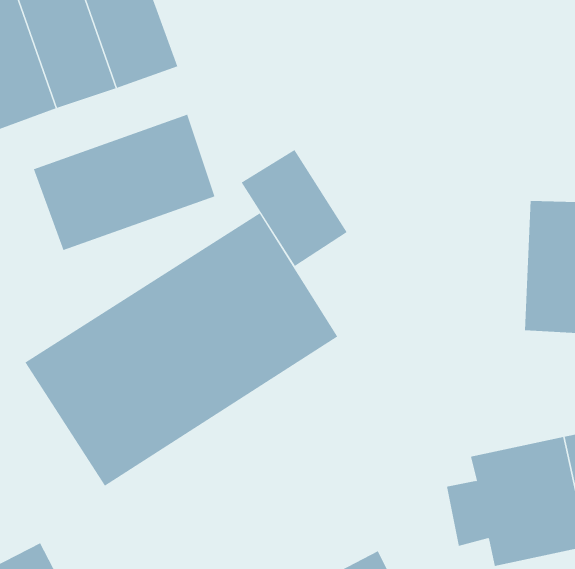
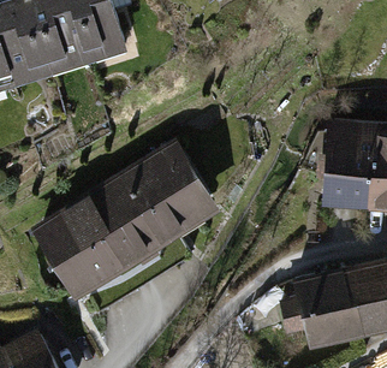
building: [33,114,215,251] -> none
building: [241,149,347,267] -> none

